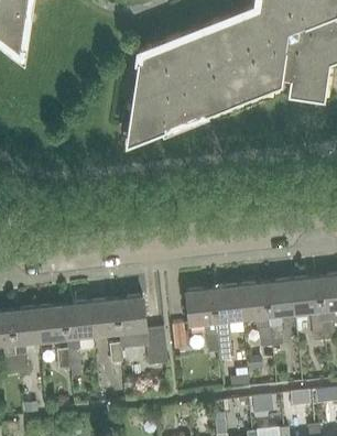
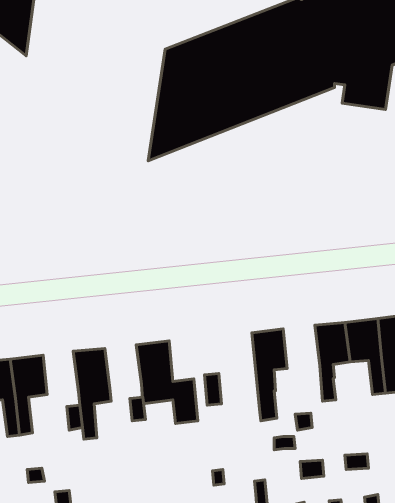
building: [239,283,272,348] -> none
building: [186,290,219,355] -> none
building: [89,299,120,336] -> none
building: [37,305,67,341] -> none

